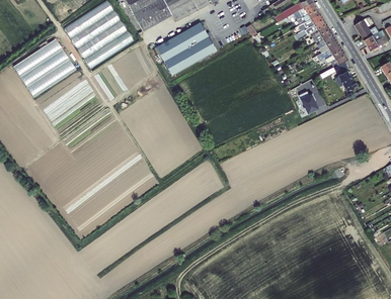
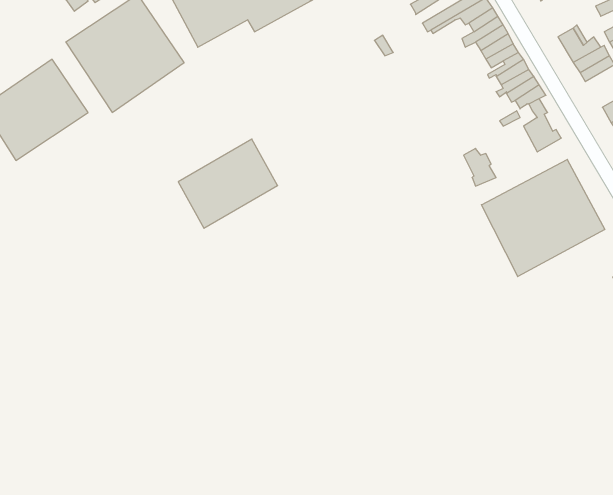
building: [156,21,215,74] -> [178,139,278,228]
building: none -> [481,159,605,277]

